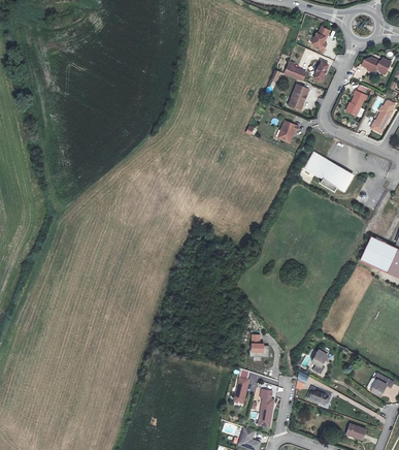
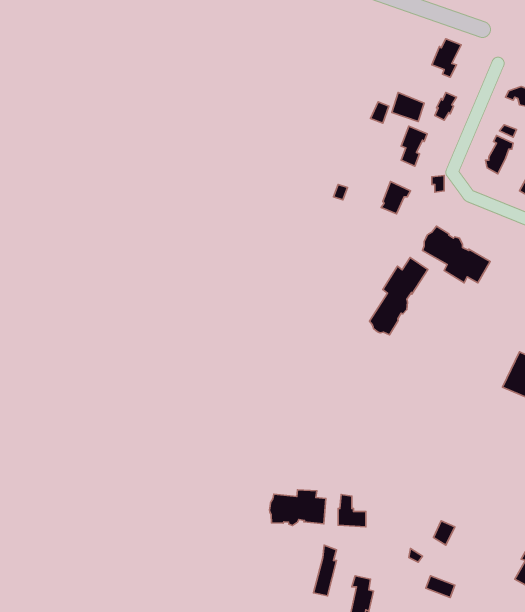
building: none -> [369,258,428,335]
building: none -> [270,490,326,526]

